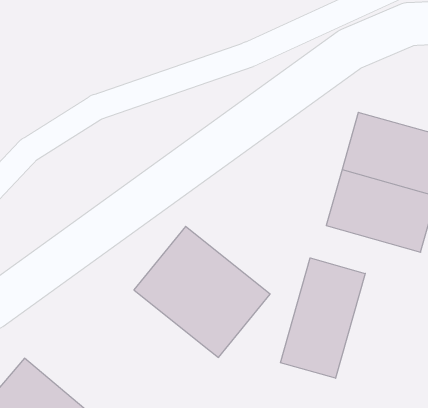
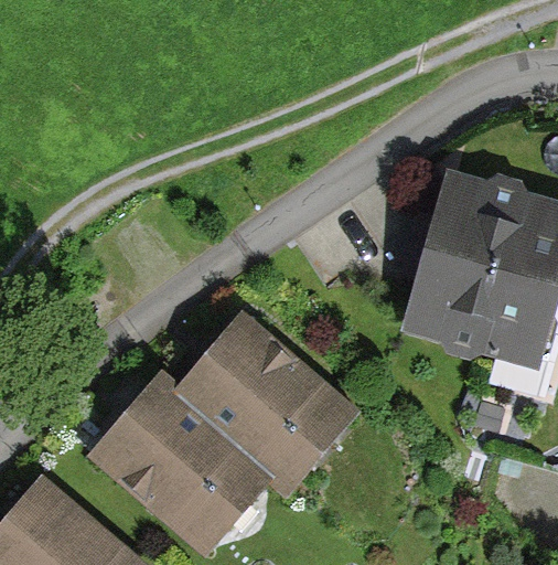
building: [280,258,365,378] -> none
building: none -> [100,385,264,542]

